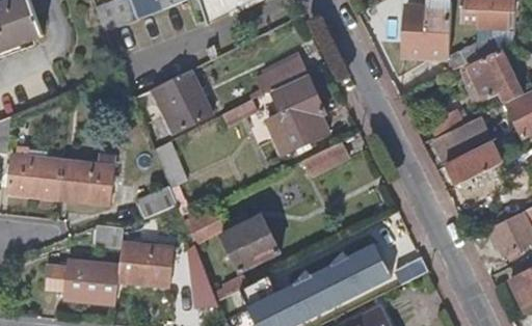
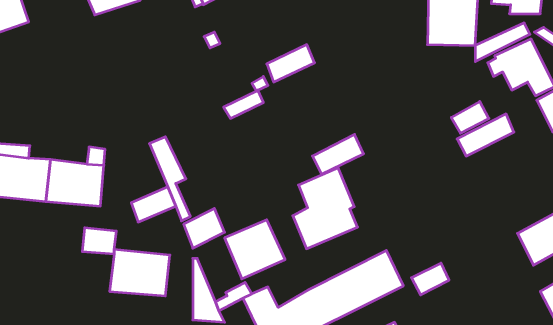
building: [153,70,210,131] -> none
building: [268,78,327,152] -> [293,168,358,249]
building: [446,144,501,188] -> none
building: [65,262,119,304] -> none

